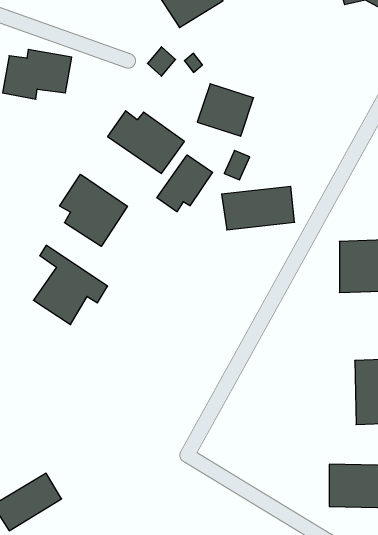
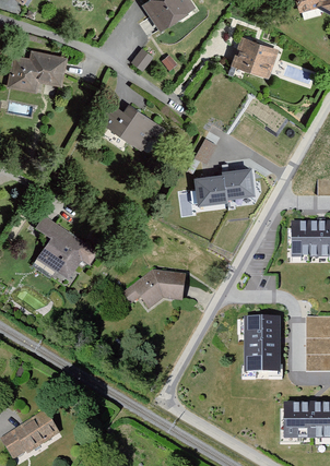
building: [197,84,254,136] -> [229,37,278,82]
building: [157,155,213,212] -> none
building: [60,174,127,246] -> none
building: none -> [120,268,185,310]
building: none -> [246,311,282,373]

